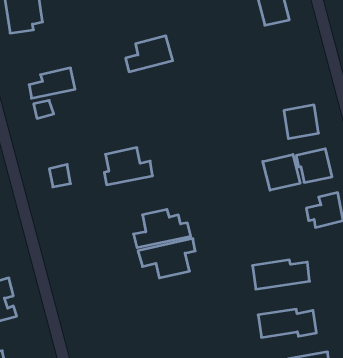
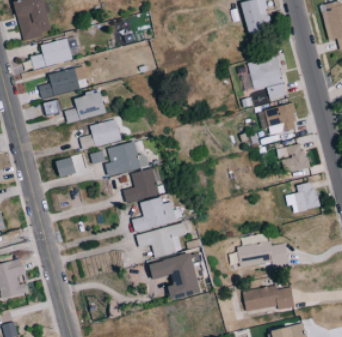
building: none -> [31,39,72,69]
building: [126,36,173,72] -> [65,91,107,123]
building: none -> [248,56,287,100]
building: none -> [80,119,122,150]
building: [263,154,300,190] -> none
building: none -> [123,168,160,203]
building: none -> [151,254,201,300]

